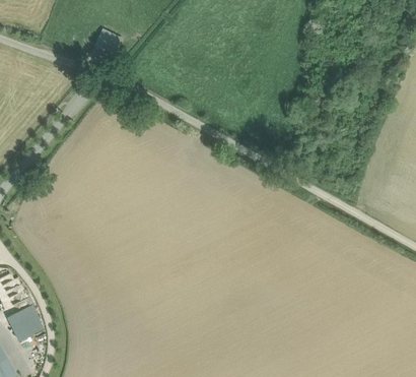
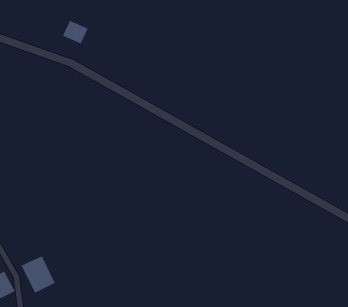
building: none -> [21,256,55,293]

